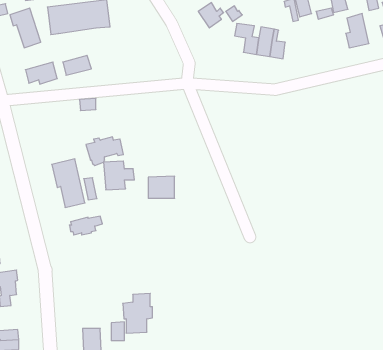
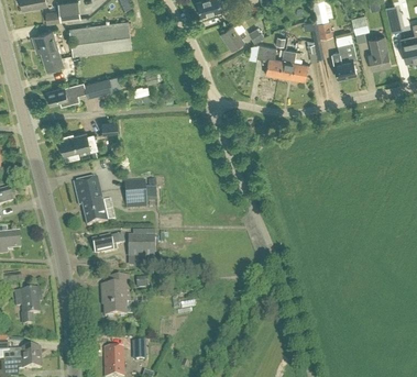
building: none -> [331,41,355,77]
building: [86,137,123,166] -> [58,131,96,159]
building: [148,176,175,198] -> [127,237,153,259]
building: [123,293,152,333] -> [100,278,130,318]

